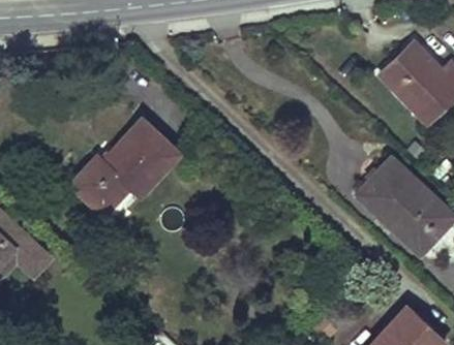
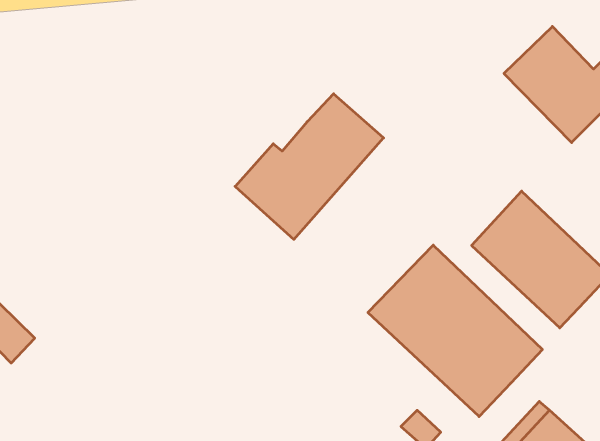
building: [73,122,178,224] -> [235,94,384,239]
building: none -> [368,245,542,417]

